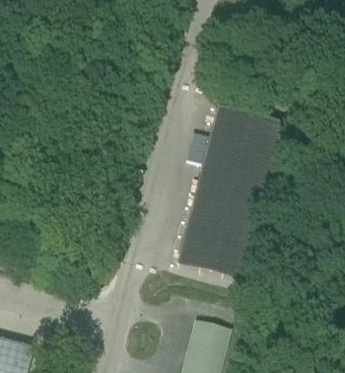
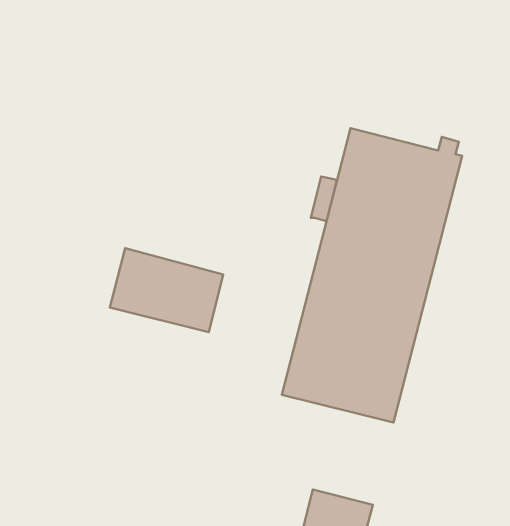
building: none -> [110,248,223,332]

